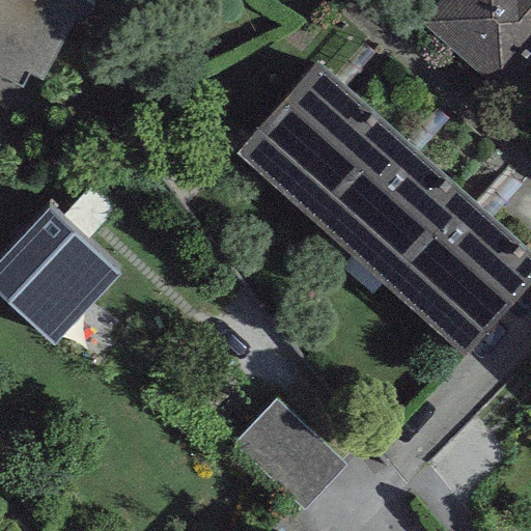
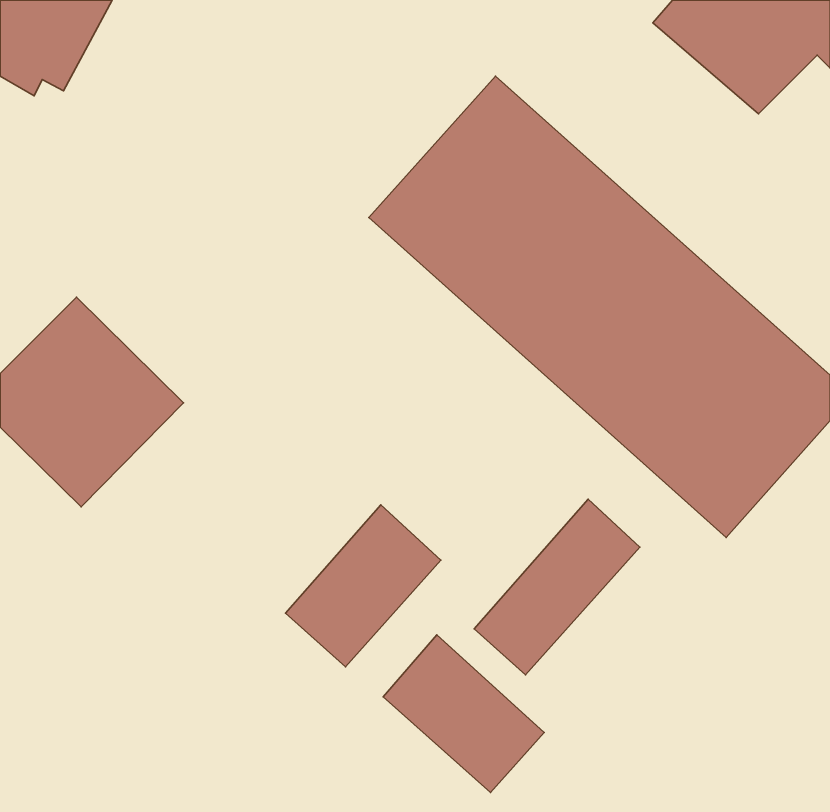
building: none -> [474,499,640,675]
building: none -> [286,505,441,667]

